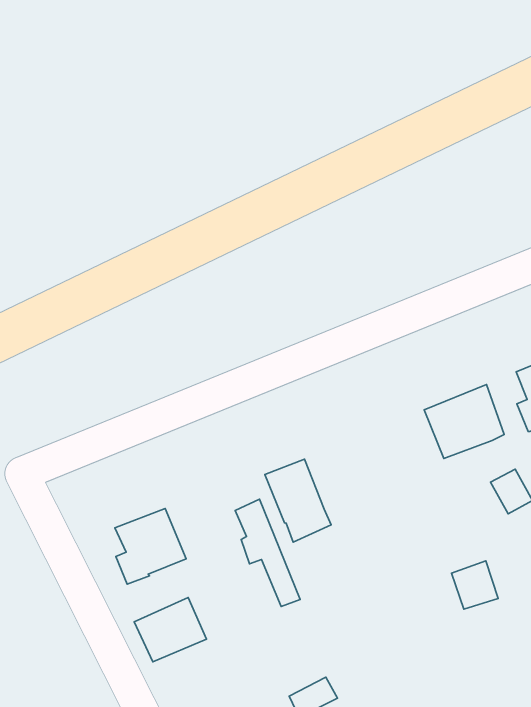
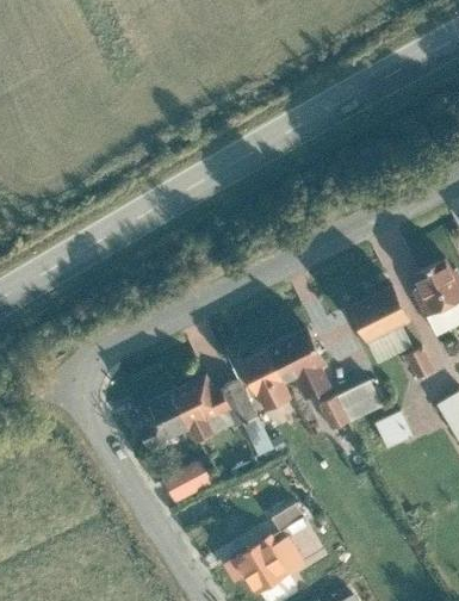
building: none -> [268,330,331,399]
building: none -> [172,374,231,441]
building: none -> [321,382,384,430]

